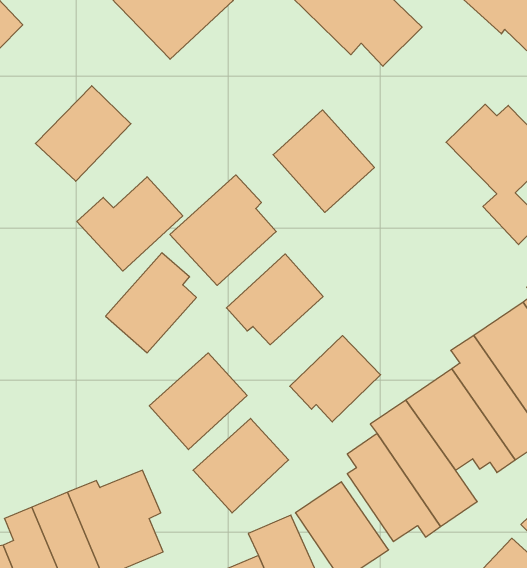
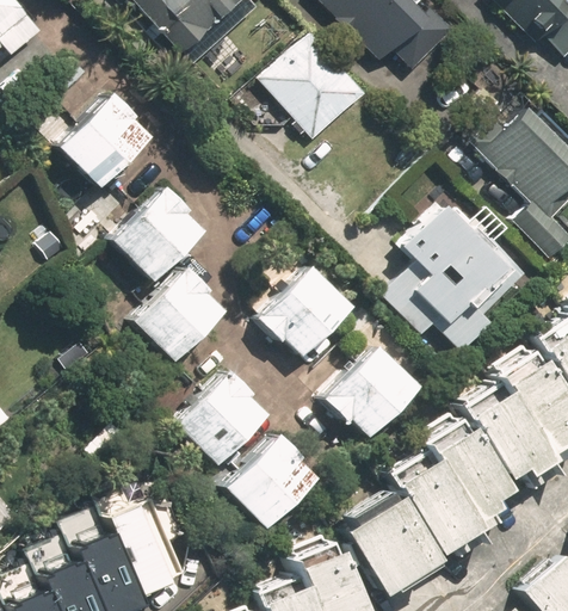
building: [273,110,374,212] -> [263,35,368,141]
building: [170,175,276,285] -> none
building: none -> [387,200,532,354]

